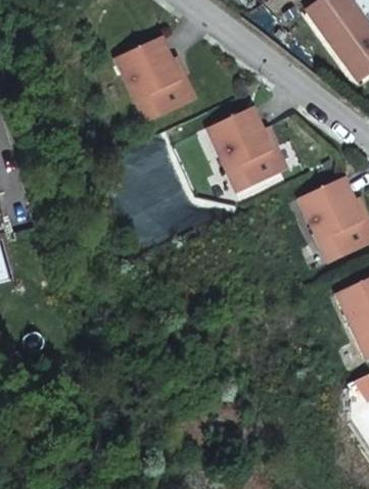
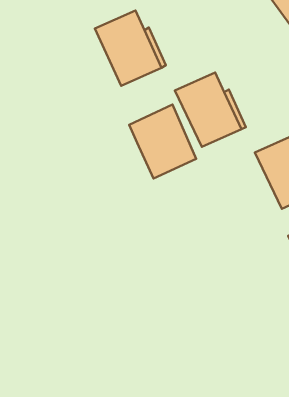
building: none -> [129,104,196,178]

